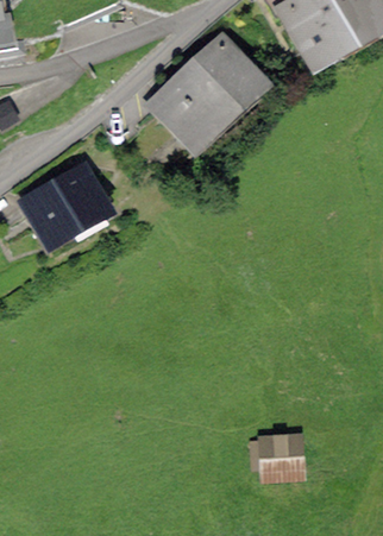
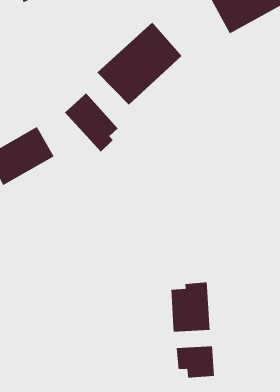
building: none -> [64,93,119,152]
building: none -> [171,282,210,332]

